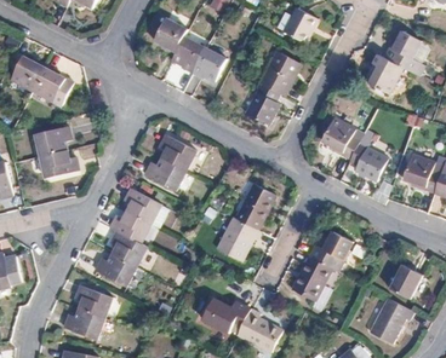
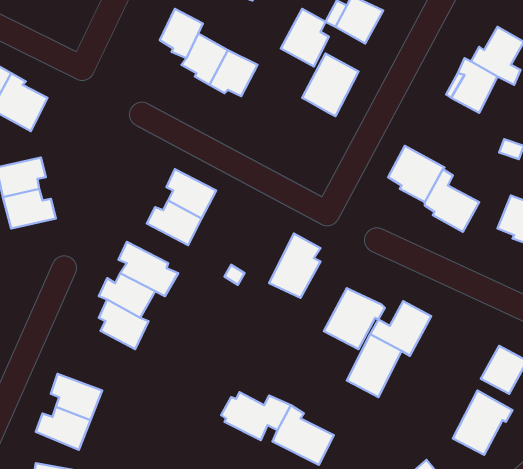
building: [245,83,280,126] -> [281,9,329,67]
building: [215,216,259,261] -> [324,288,385,349]
building: [95,253,136,287] -> none

